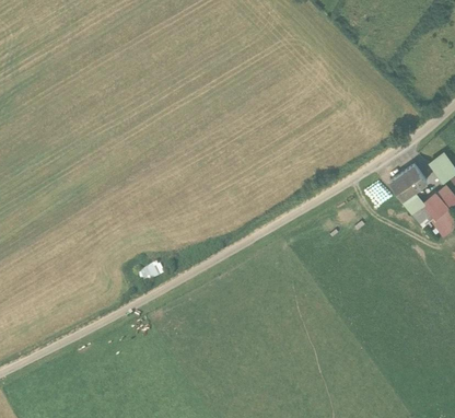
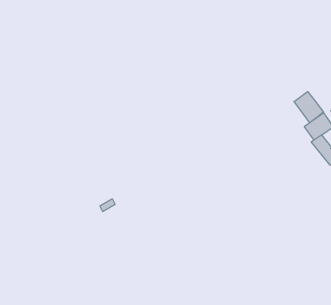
building: none -> [294,92,324,123]

